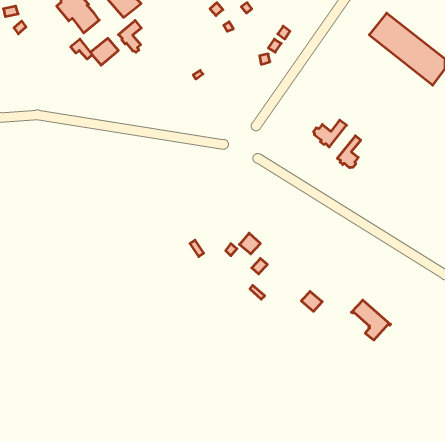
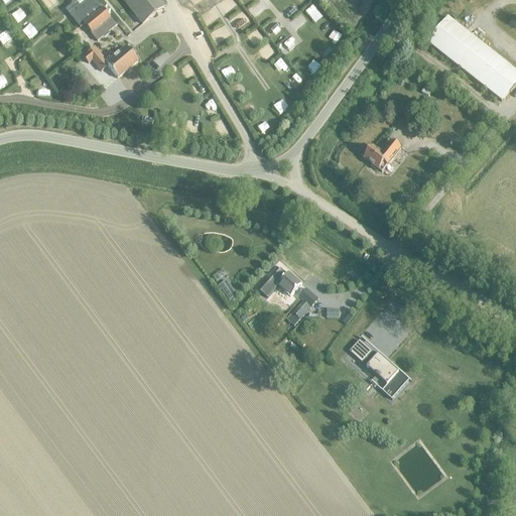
building: [118,20,141,52] -> none
building: [337,136,361,168] -> none
building: [351,300,391,340] -> [366,351,411,397]

